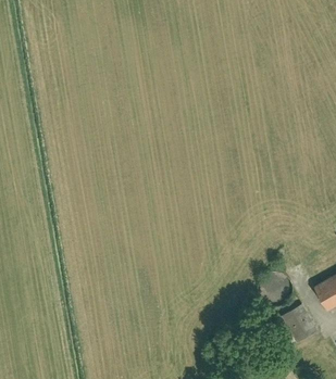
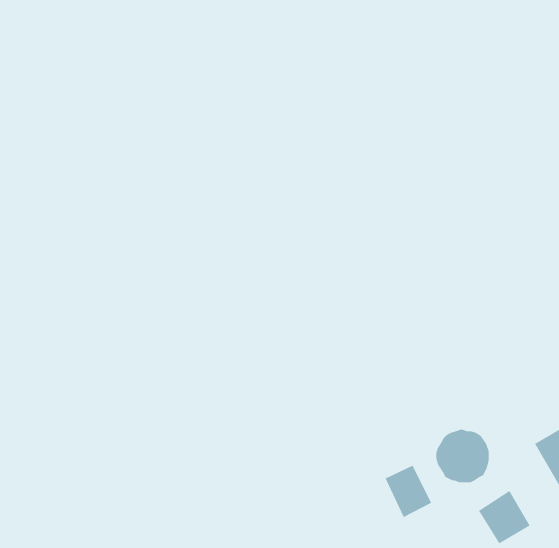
building: none -> [385,465,432,518]

